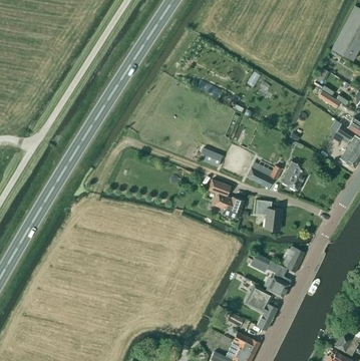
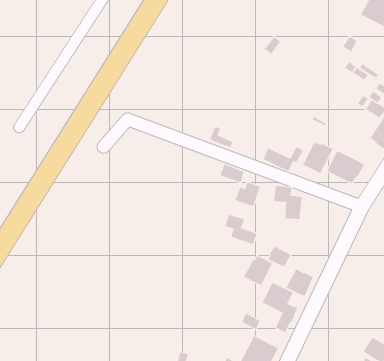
building: none -> [327,150,365,184]
building: none -> [225,214,258,245]
building: [279,246,305,273] -> [243,255,273,286]

